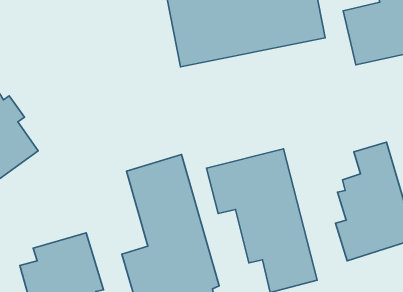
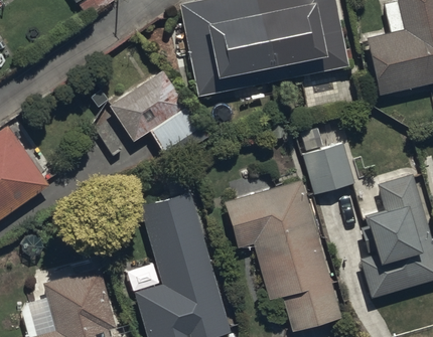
building: none -> [110,71,203,160]
building: none -> [300,125,355,196]

